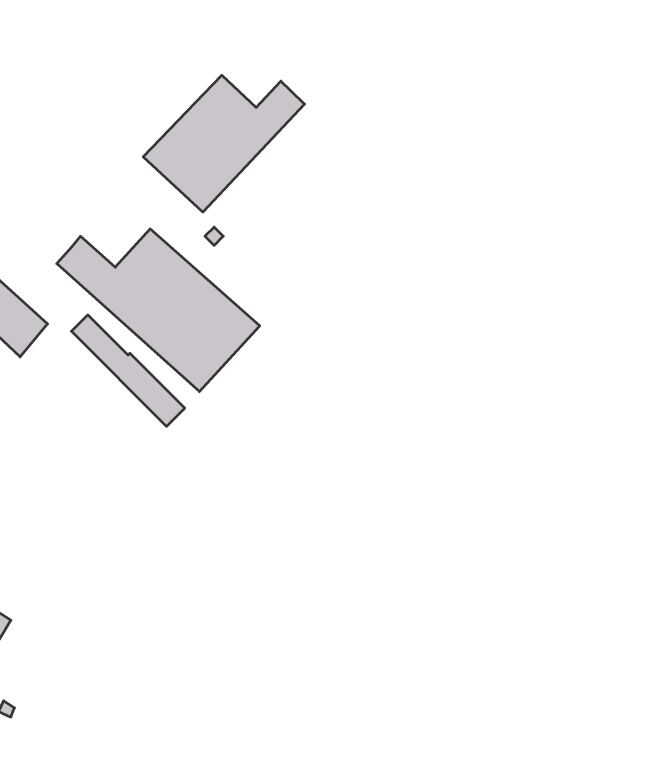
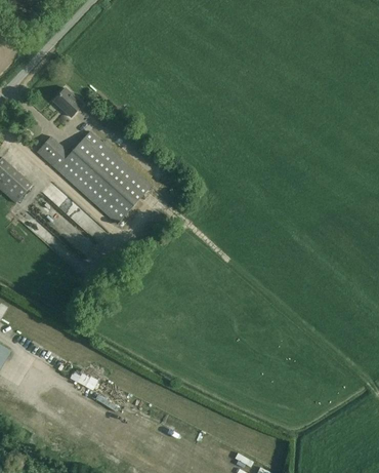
building: [143,75,305,212] -> none
building: none -> [51,87,81,117]

